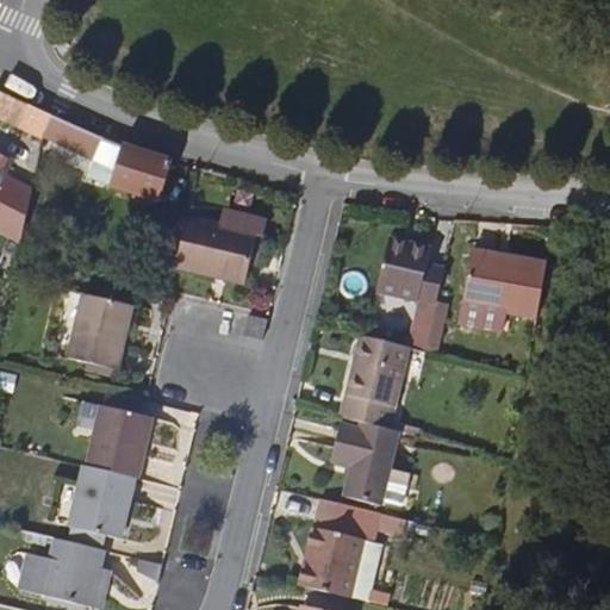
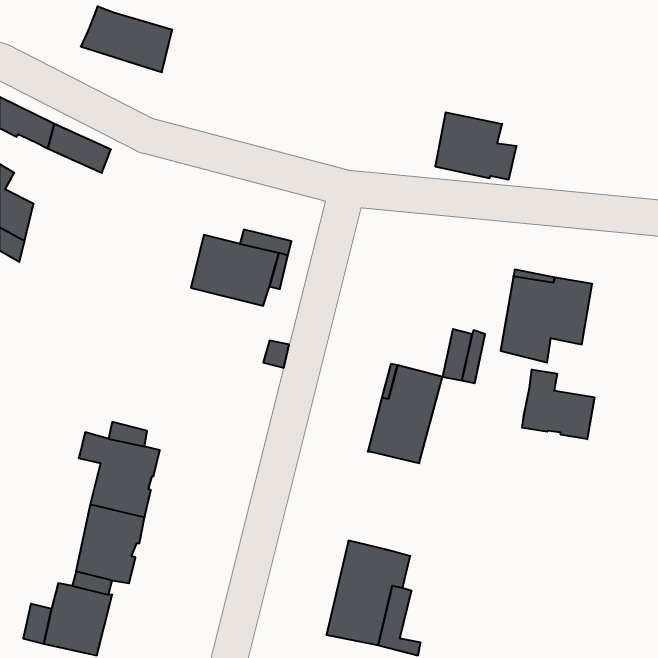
building: [87,138,172,199] -> [81,6,172,72]
building: [371,236,446,298] -> [435,112,517,180]
building: [69,294,132,368] -> none
building: none -> [522,369,594,439]
building: [331,417,396,505] -> none

